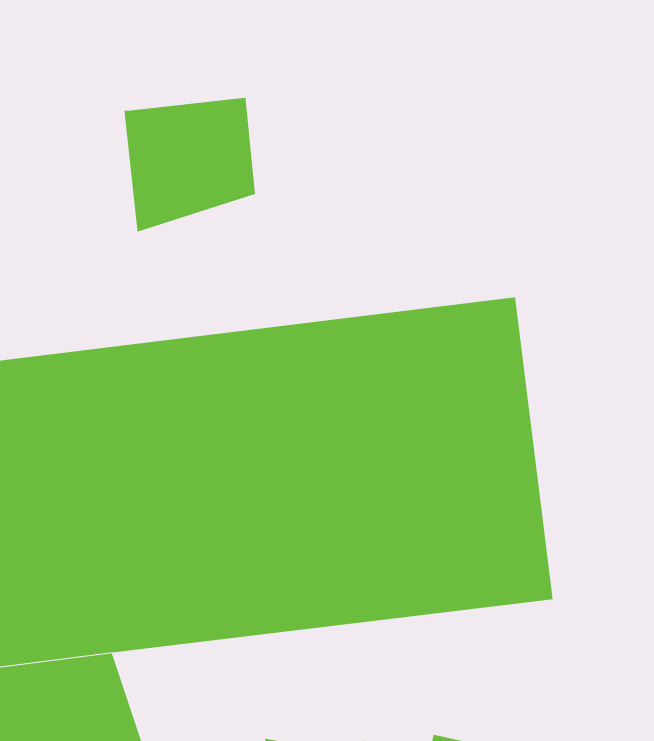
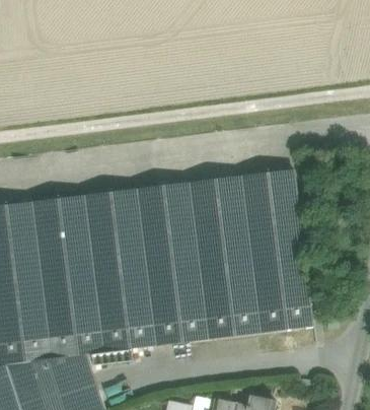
building: [124,95,256,233] -> none

